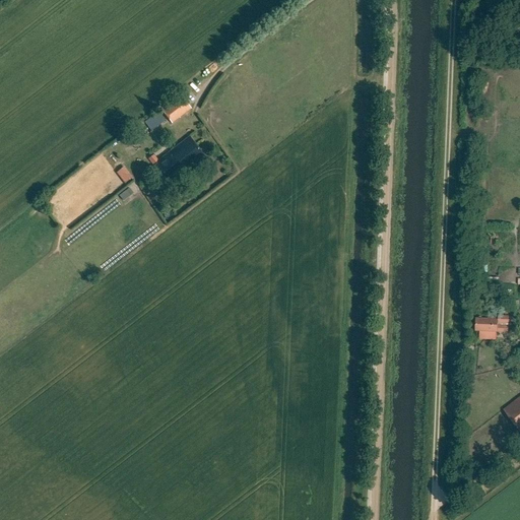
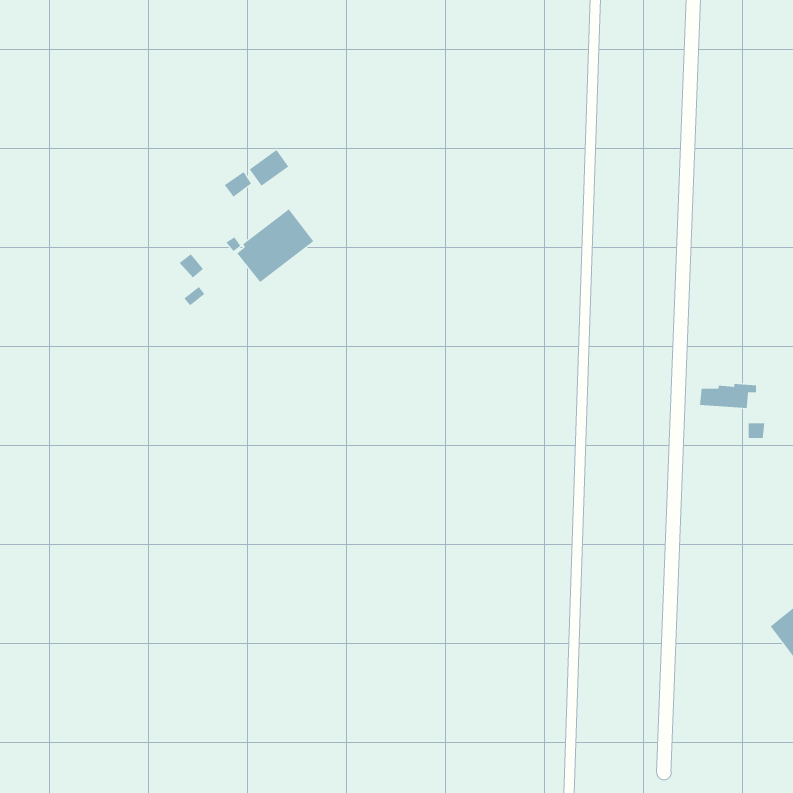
building: [476,316,514,332] -> [699,383,757,408]

